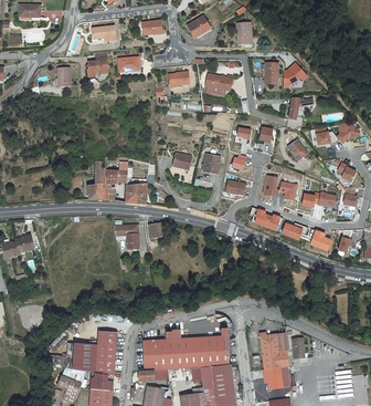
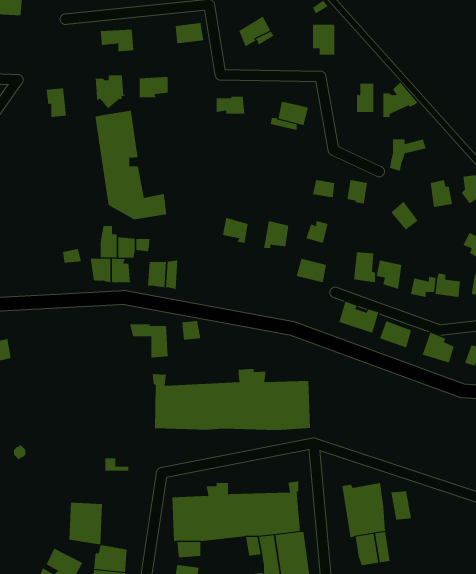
building: none -> [95,110,167,220]
building: none -> [152,368,311,431]
building: [94,333,114,377] -> none

